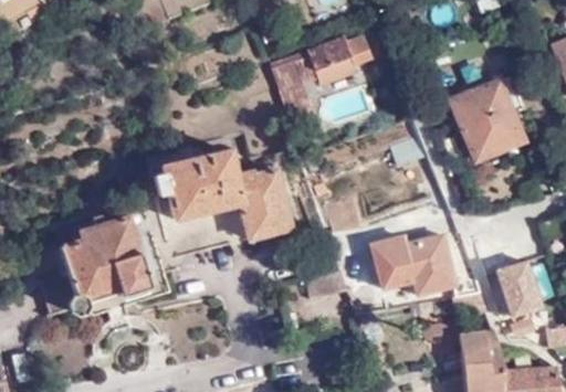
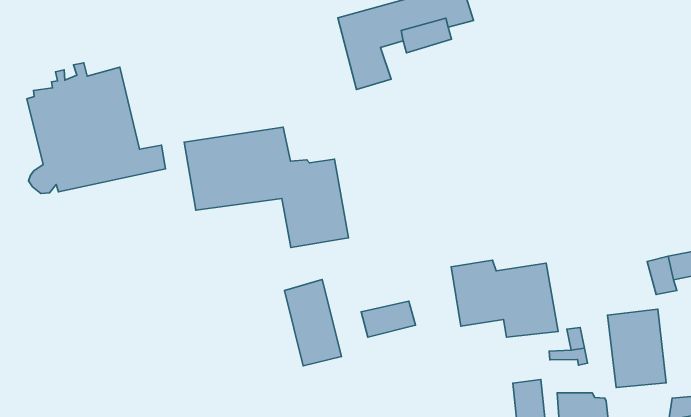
building: [452,84,523,157] -> none
building: [61,214,170,316] -> [27,63,165,193]
building: none -> [284,280,342,366]

